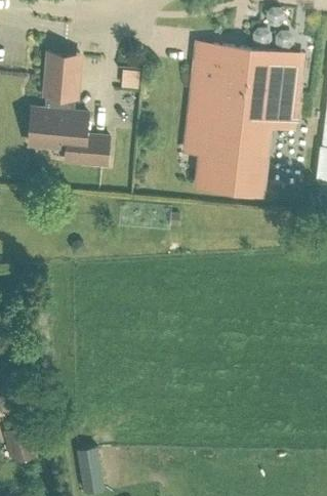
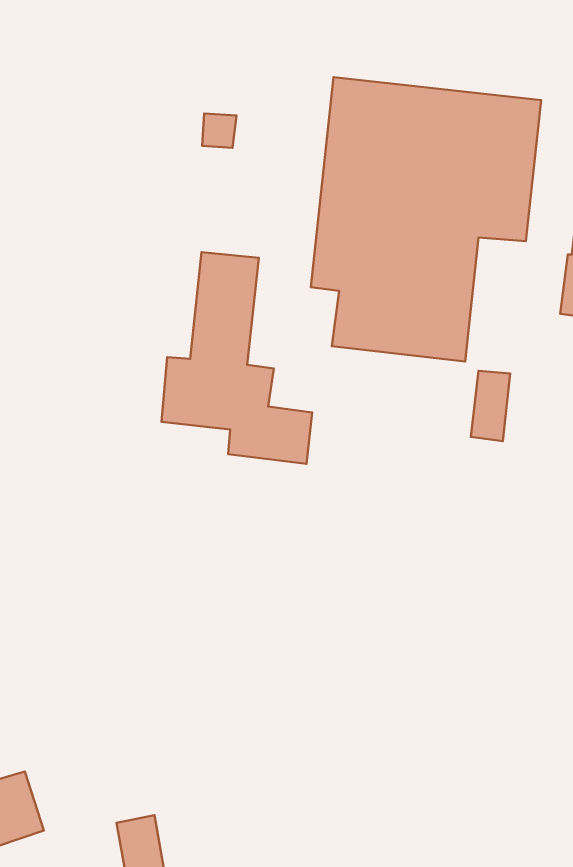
building: [29,55,110,169] -> [162,252,312,464]
building: none -> [471,371,510,441]

